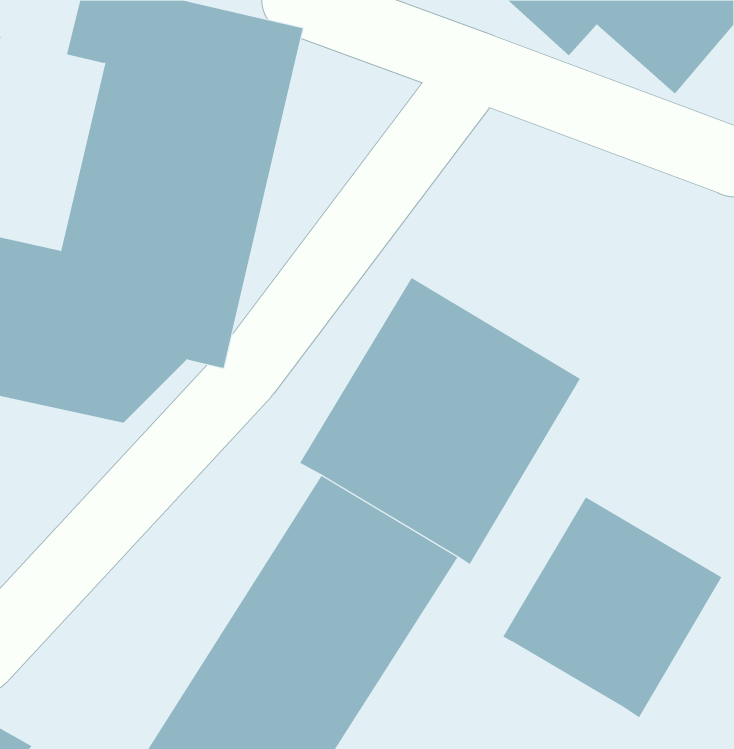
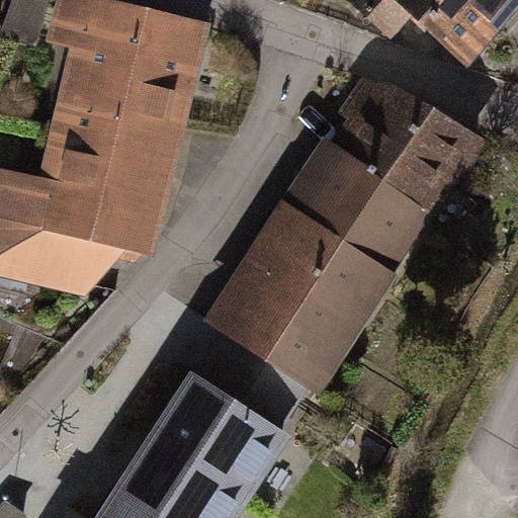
building: none -> [282,75,482,263]
building: [503,497,722,718] -> none

